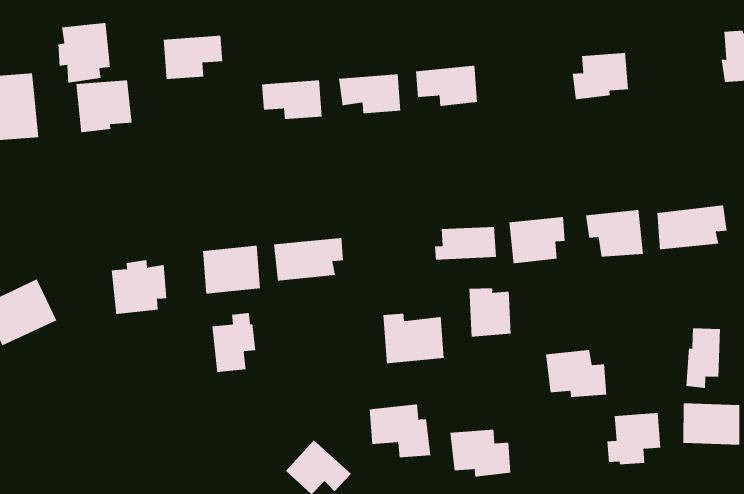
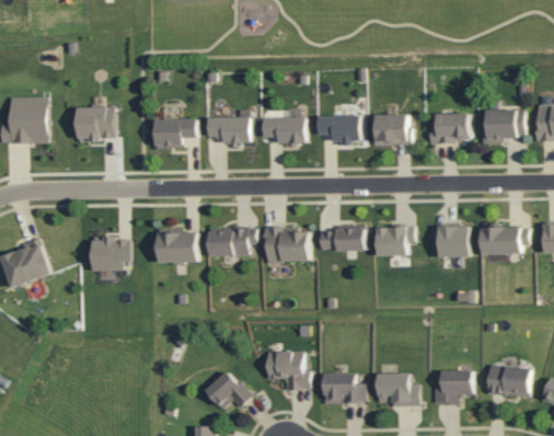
building: [58,22,110,83] -> none
building: [163,35,223,80] -> [154,118,196,147]
building: none -> [481,108,523,142]
building: none -> [371,113,409,144]
building: [469,288,511,338] -> none
building: [212,312,256,373] -> none
building: [383,313,445,364] -> [266,226,308,261]
building: [686,328,720,389] -> none
building: [545,350,607,397] -> [376,372,417,405]

